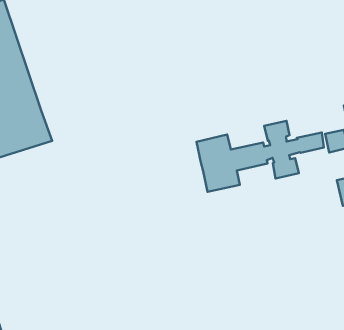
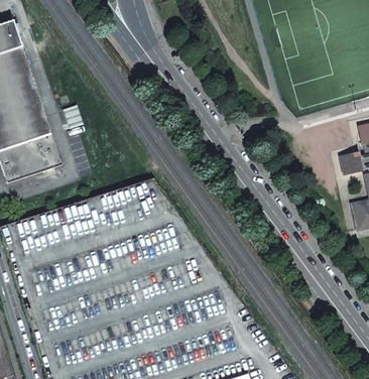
building: [196,121,324,192] -> none

